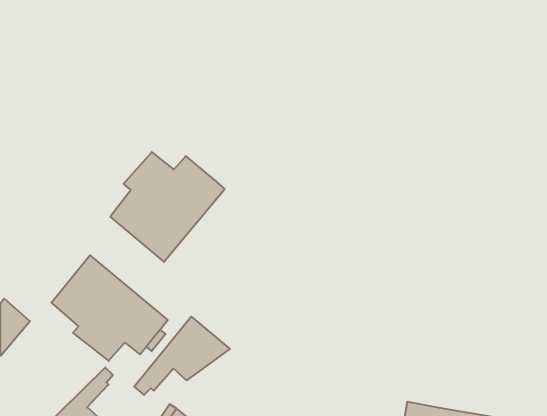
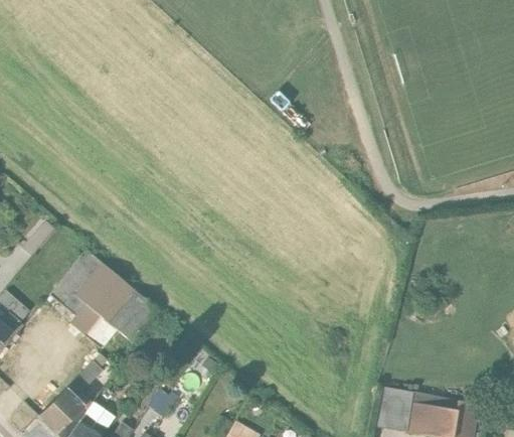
building: [110,152,225,262] -> none
building: [134,317,230,395] -> none

